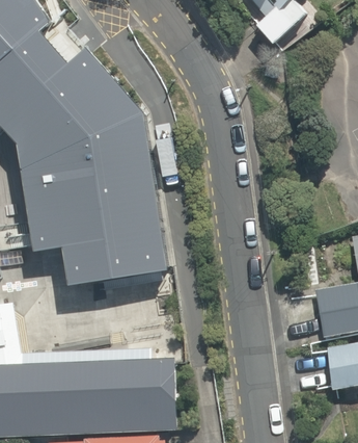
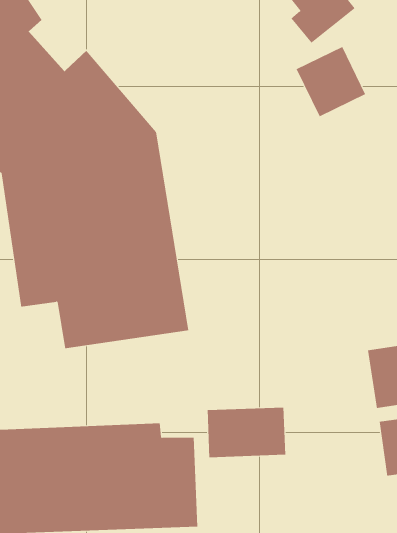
building: none -> [296,46,366,117]
building: none -> [207,407,286,458]

